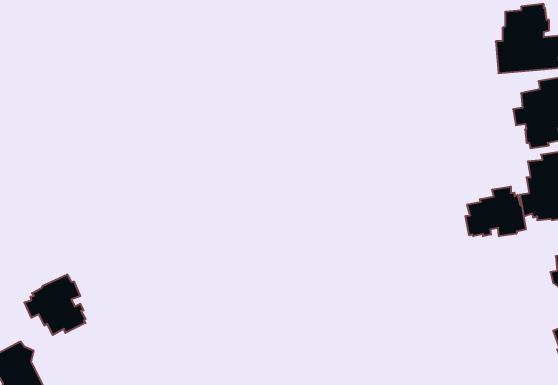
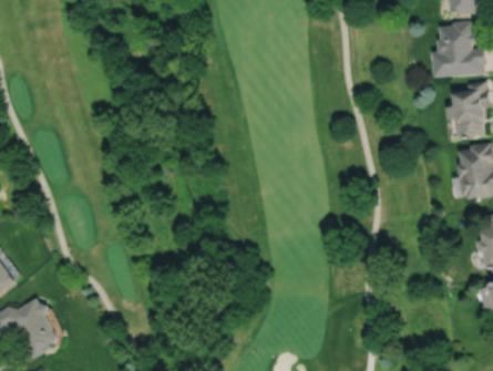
building: [465,186,526,236] -> none
building: [24,274,86,335] -> none

